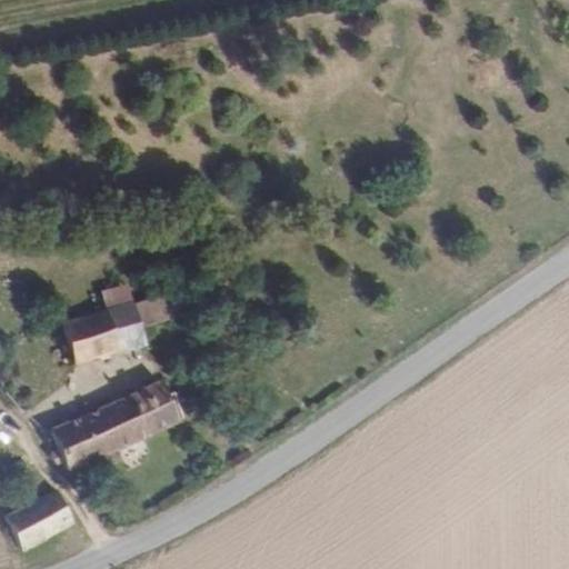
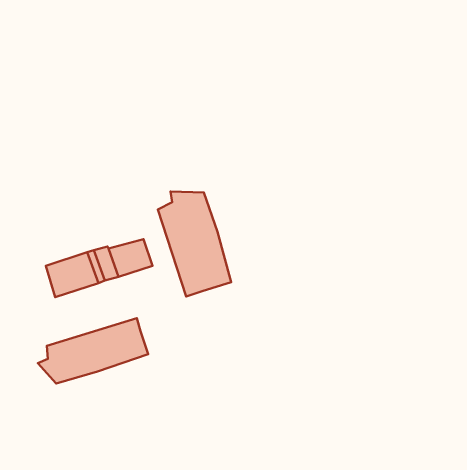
building: none -> [158,191,231,297]
building: [11,489,76,550] -> none

